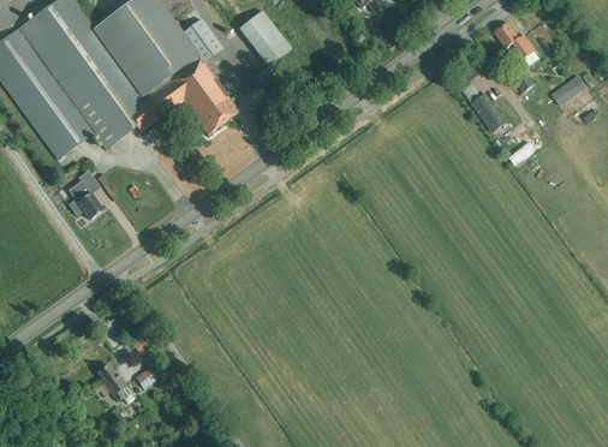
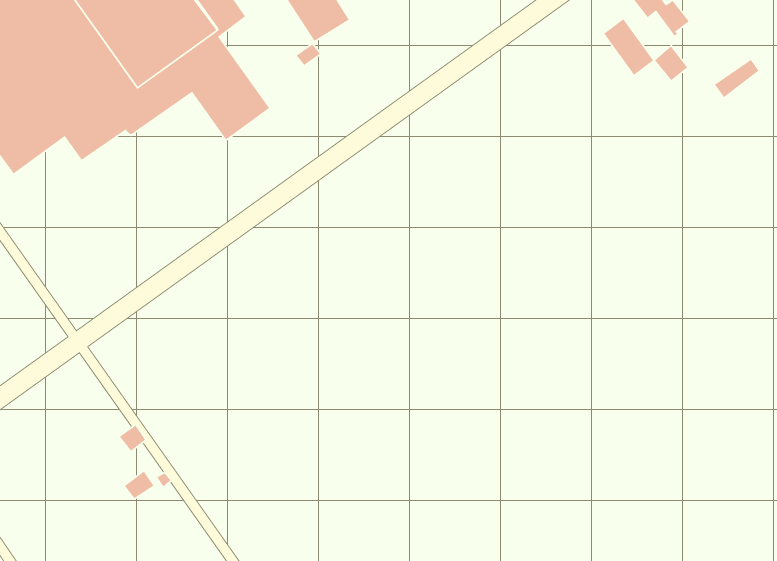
building: [470,93,506,133] -> [603,18,654,76]
building: [67,171,102,219] -> none
building: [96,364,133,403] -> none

